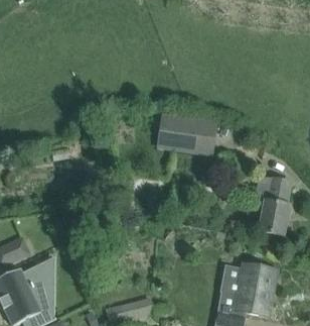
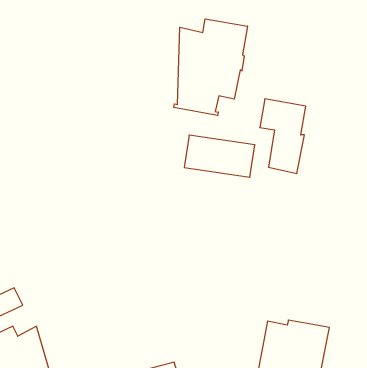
building: none -> [174,19,247,116]
building: [253,175,290,235] -> [260,99,306,173]

